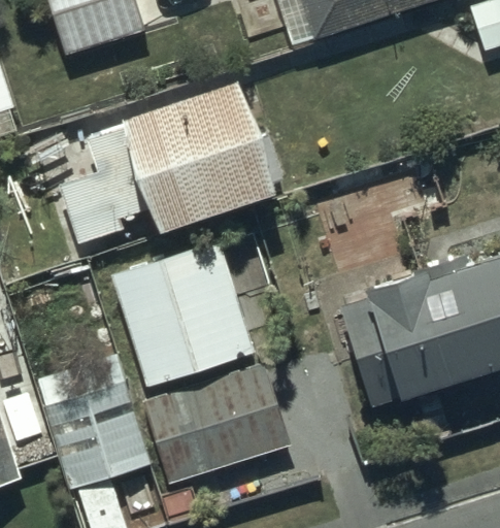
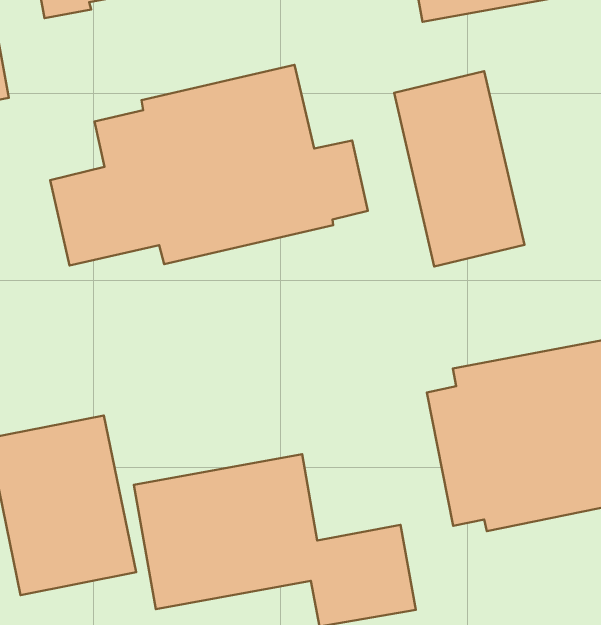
building: none -> [394,71,524,267]
building: [107,242,249,388] -> none

